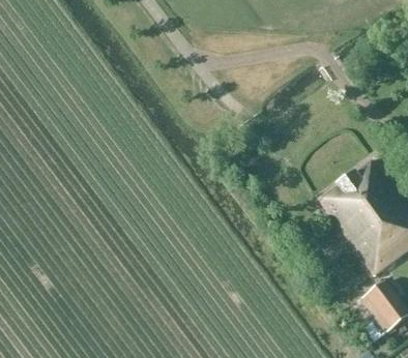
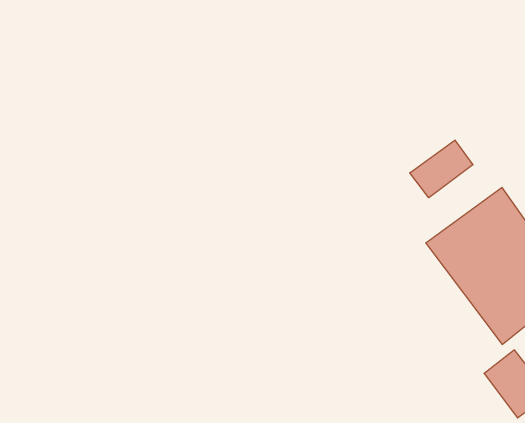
building: none -> [410,140,473,198]

